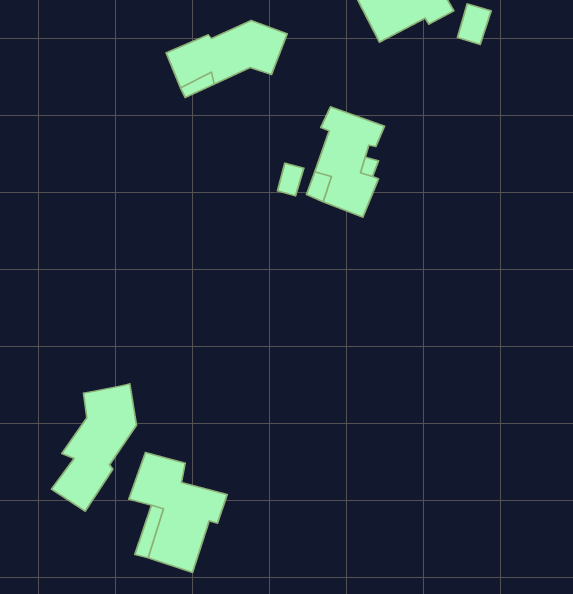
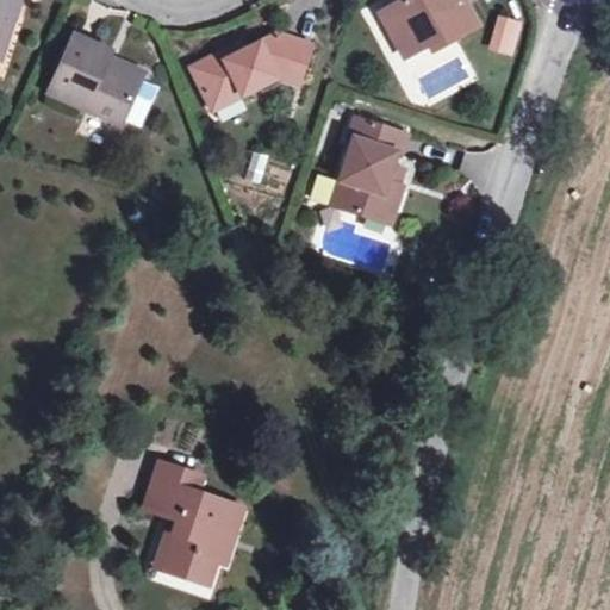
building: none -> [46,37,141,125]
building: [51,384,137,511] -> none

